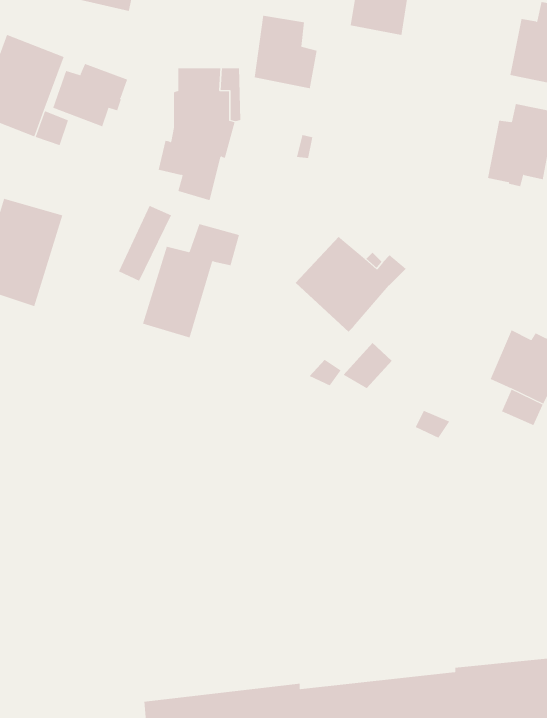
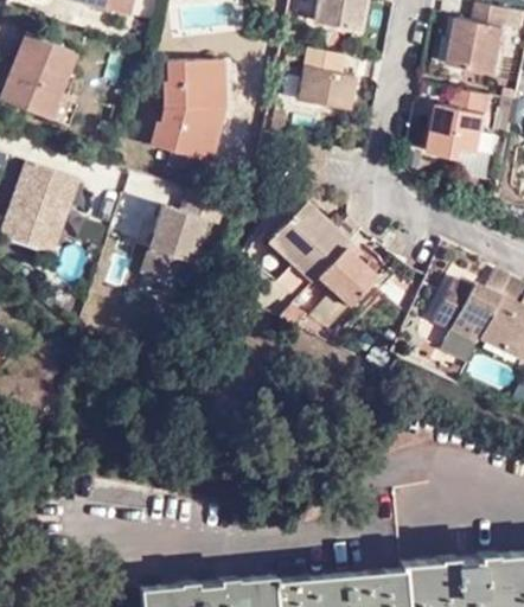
building: [254,15,318,89] -> [298,51,351,113]
building: [52,63,128,127] -> none
building: none -> [318,243,377,306]

